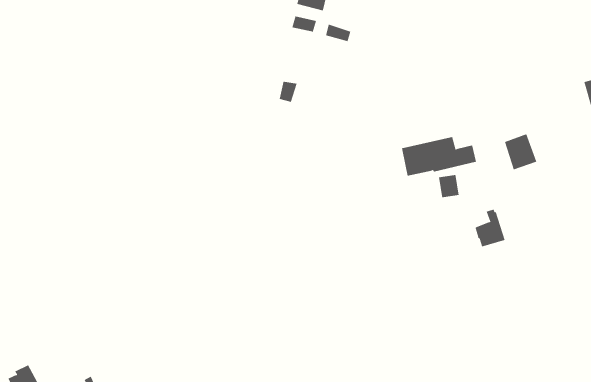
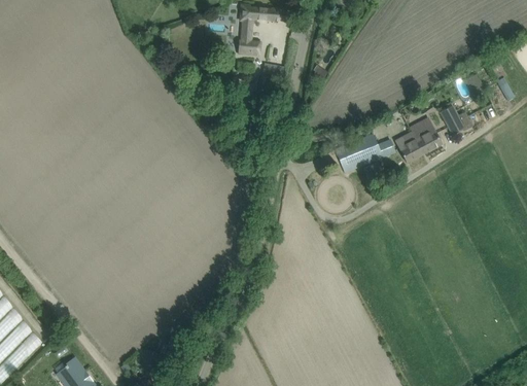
building: none -> [437,99,471,133]
building: [474,209,505,247] -> [397,130,423,161]

